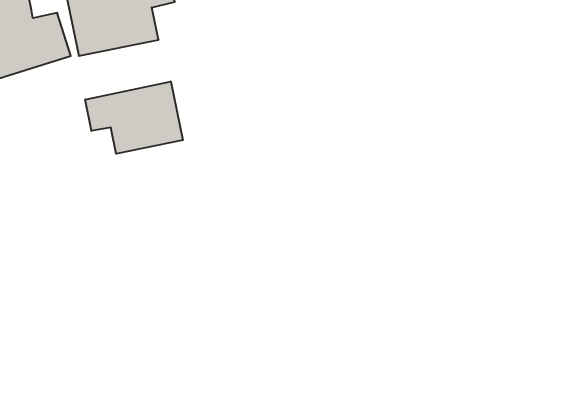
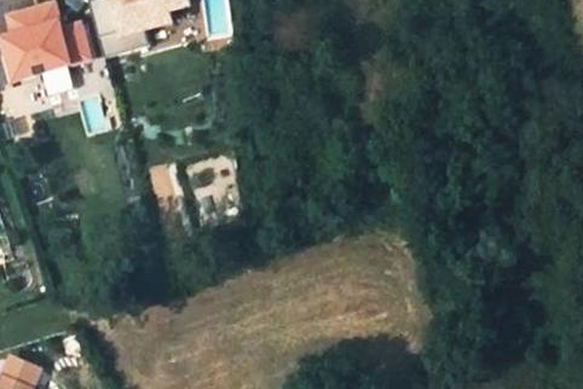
building: [85,81,183,154] -> none

